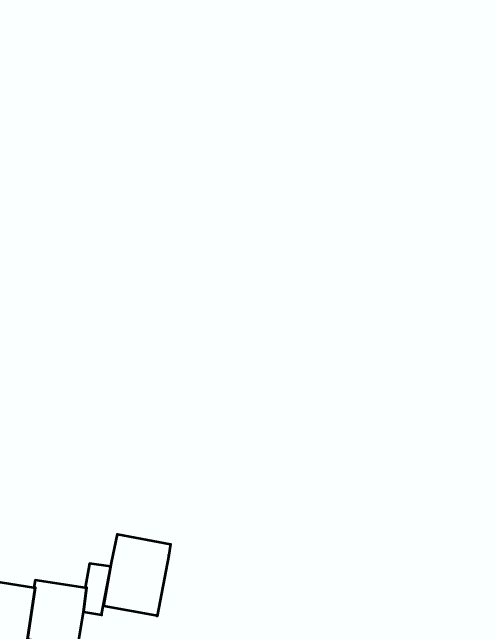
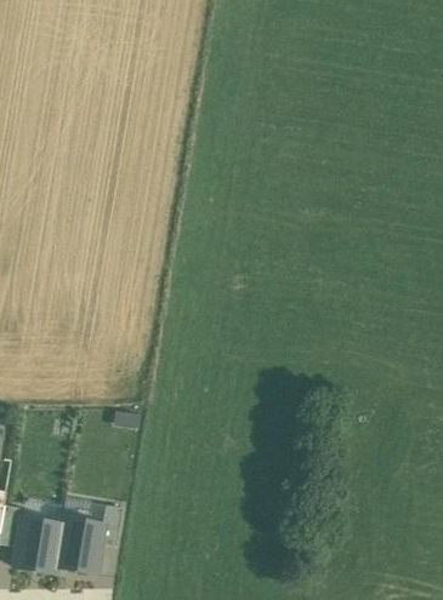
building: [104,534,171,616] -> none

